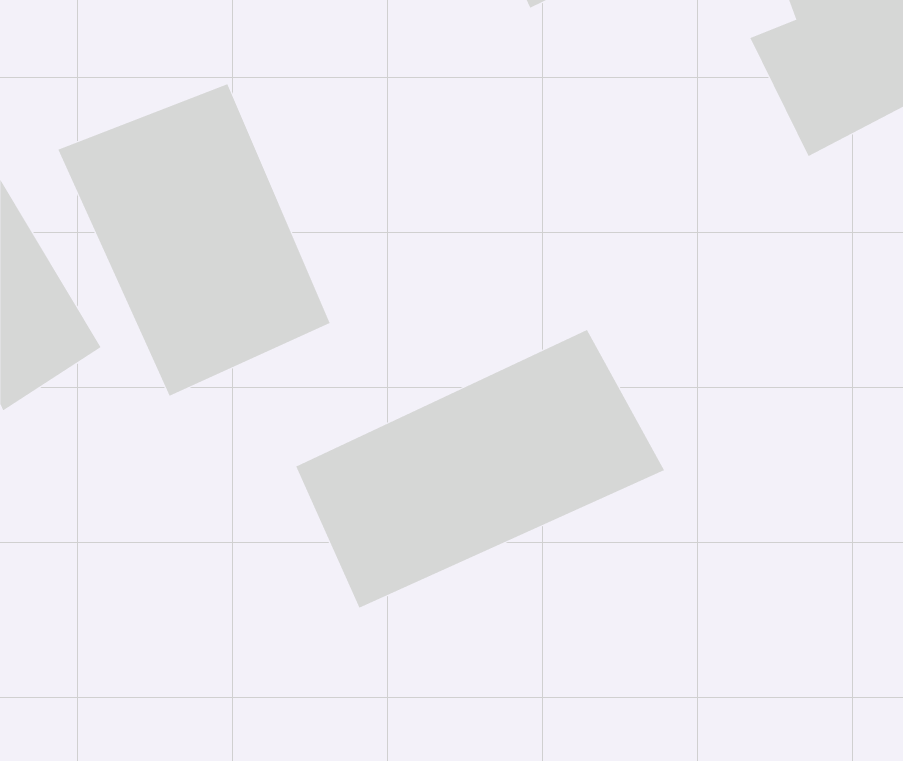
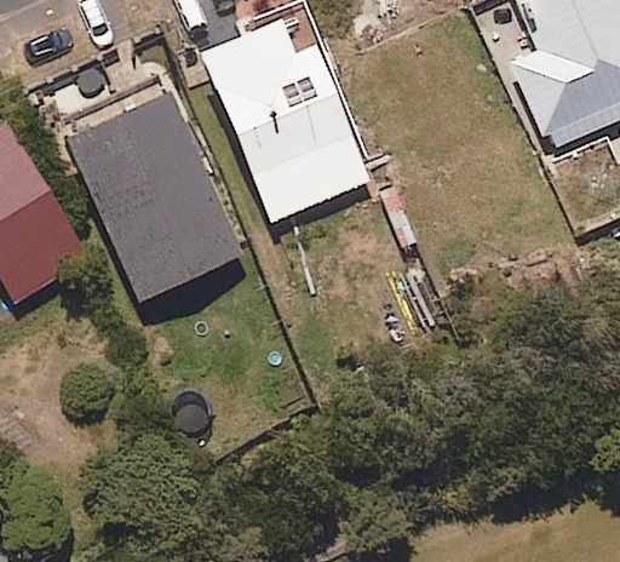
building: none -> [209,38,368,212]
building: [295,329,665,609] -> none

